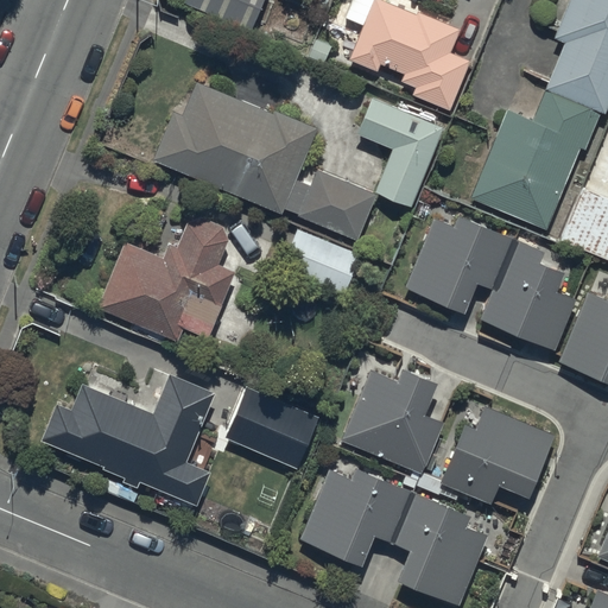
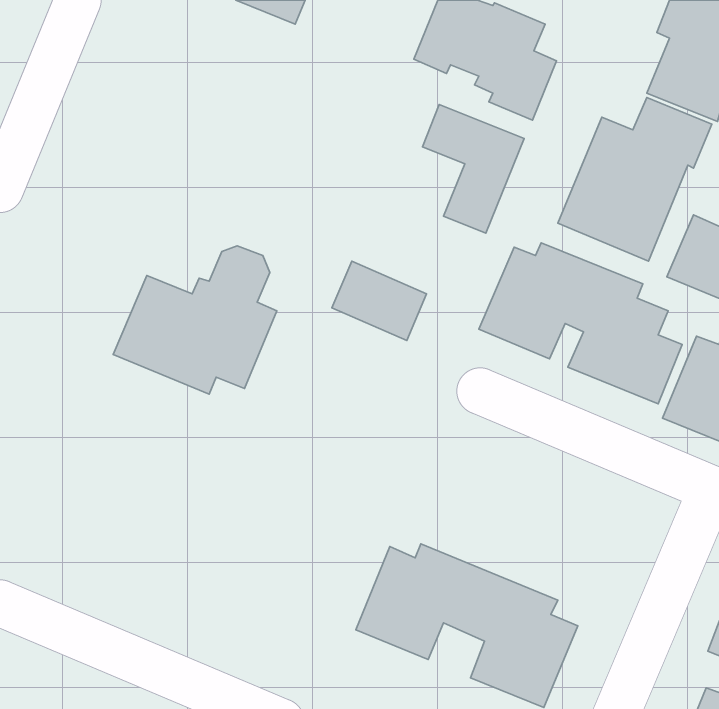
building: [153,82,317,213] -> none
building: [298,171,378,242] -> none
building: [342,368,444,475] -> none
building: [42,373,216,506] -> none
building: [226,388,321,471] -> none
building: [441,408,555,504] -> none

